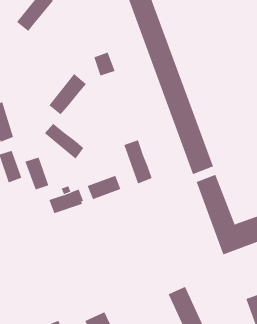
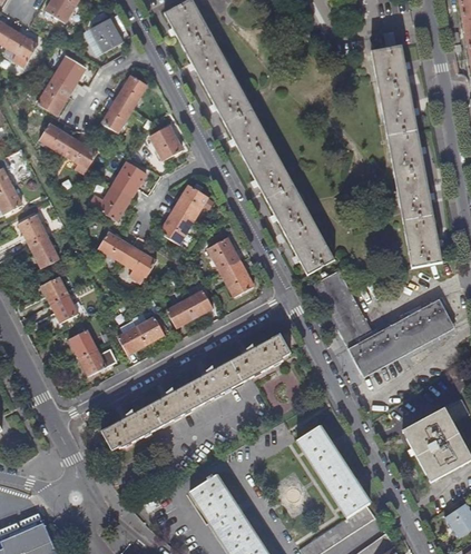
building: none -> [101,75,146,131]
building: none -> [39,122,96,167]
building: none -> [159,185,207,244]
building: [25,157,49,190] -> [67,329,105,375]
building: none -> [101,334,290,449]

